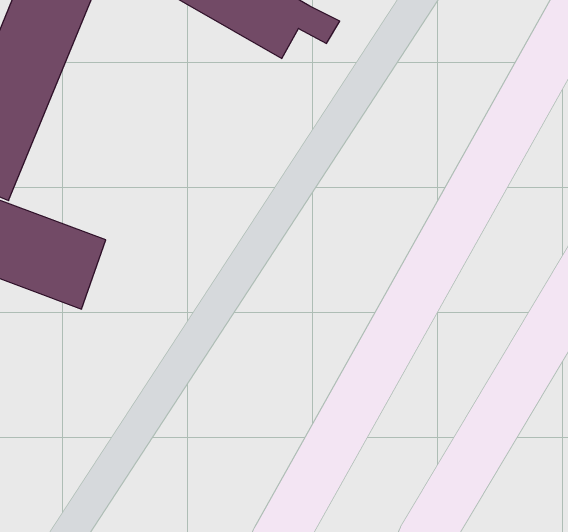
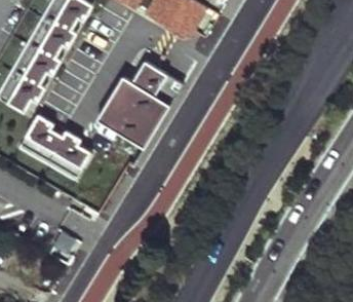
building: none -> [95,61,167,146]

